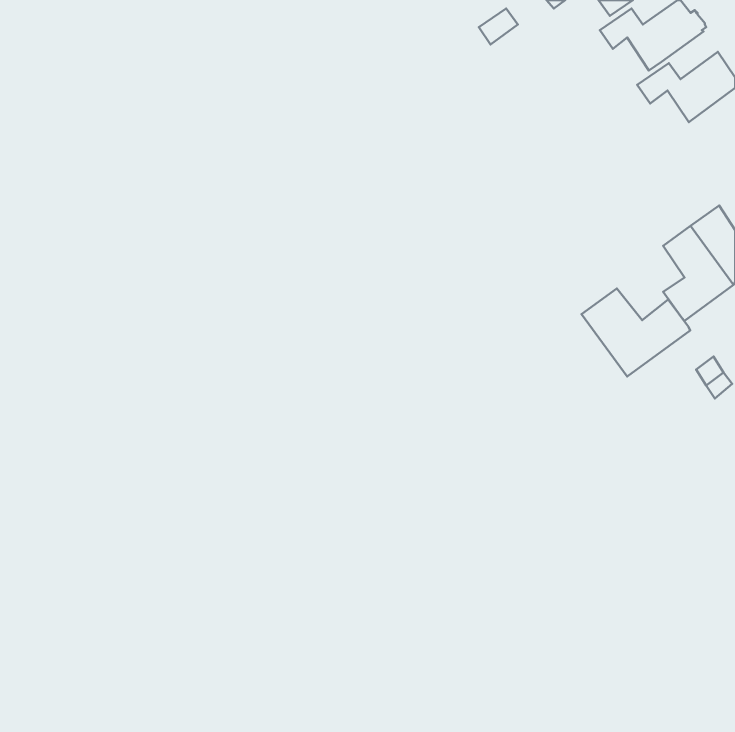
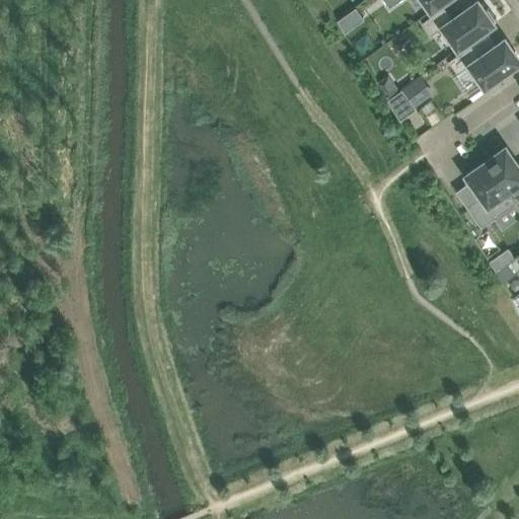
building: none -> [389,86,422,118]
building: [582,288,690,376] -> none

